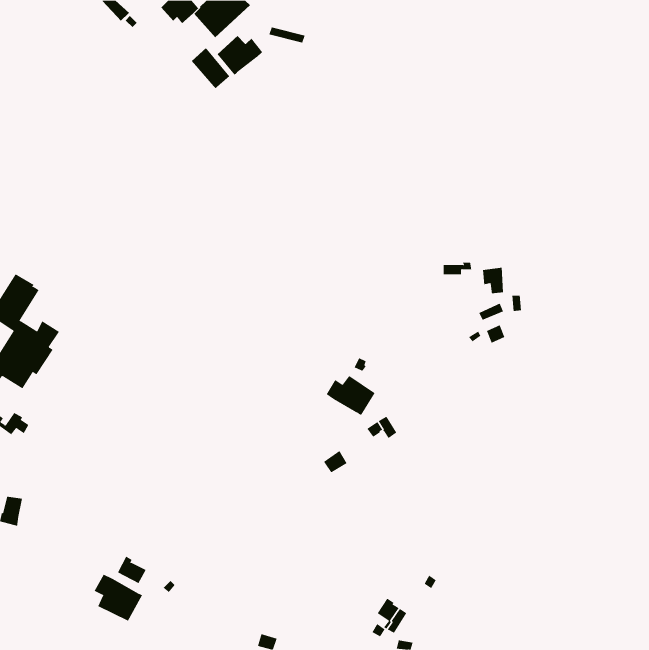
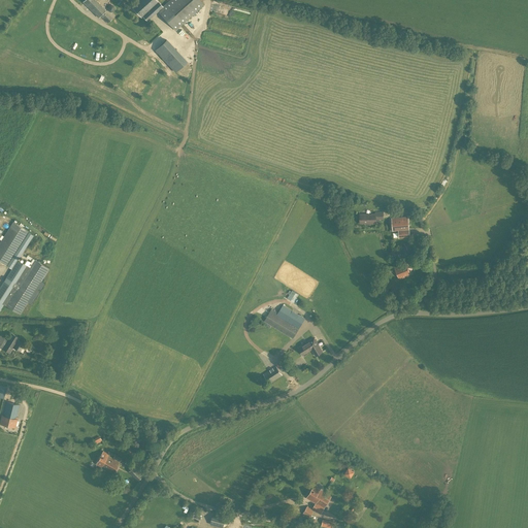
building: [217,35,263,76] -> none
building: [94,574,143,622] -> none

